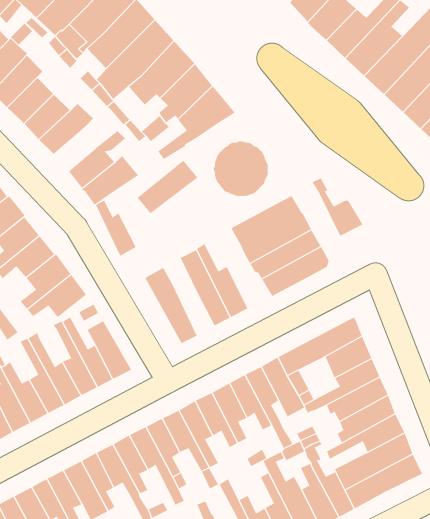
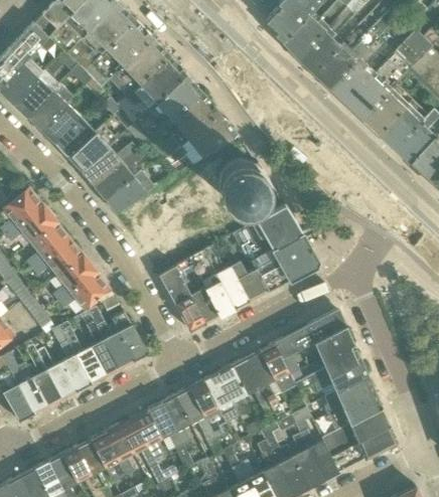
building: none -> [81,147,121,185]
building: [137,160,198,214] -> none
building: [312,177,363,236] -> [224,252,268,302]
building: [95,200,136,257] -> [183,277,218,325]

